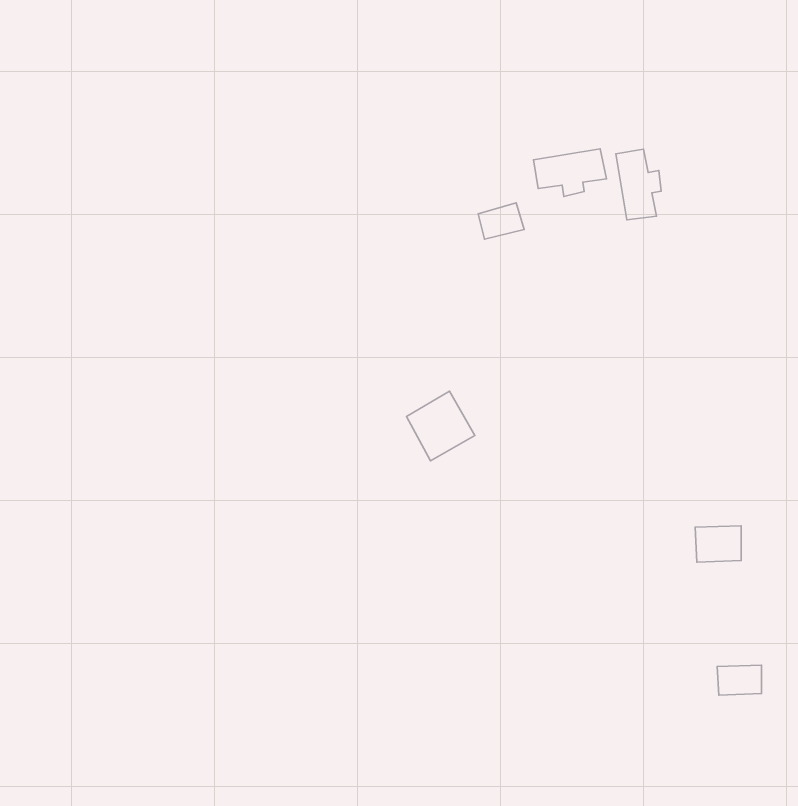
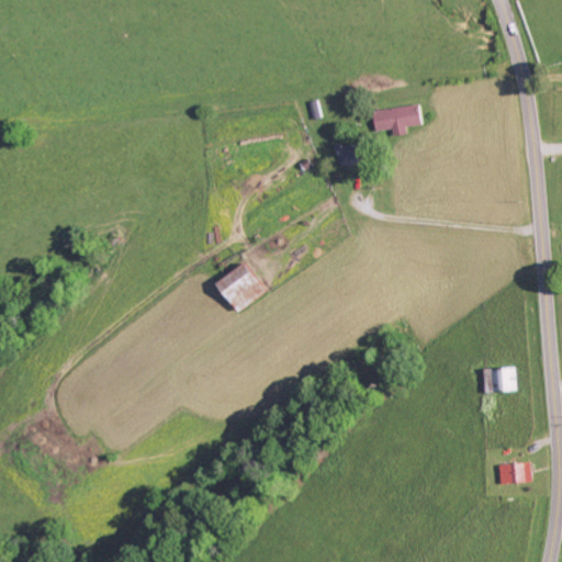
building: [616,149,661,220] -> none
building: [407,391,475,461] -> [217,262,265,311]

